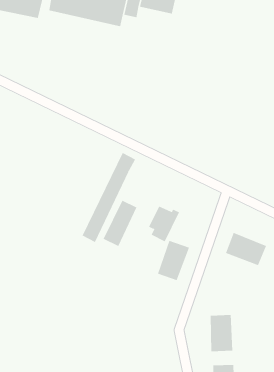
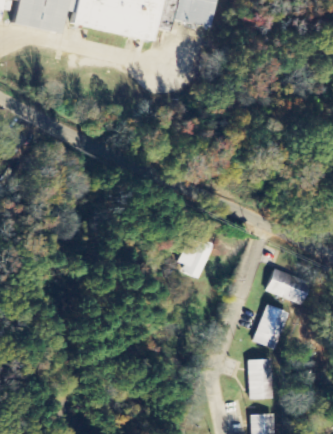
building: [82,152,136,243] -> none
building: [103,200,137,247] -> none
building: [157,240,190,281] -> [252,304,288,349]

